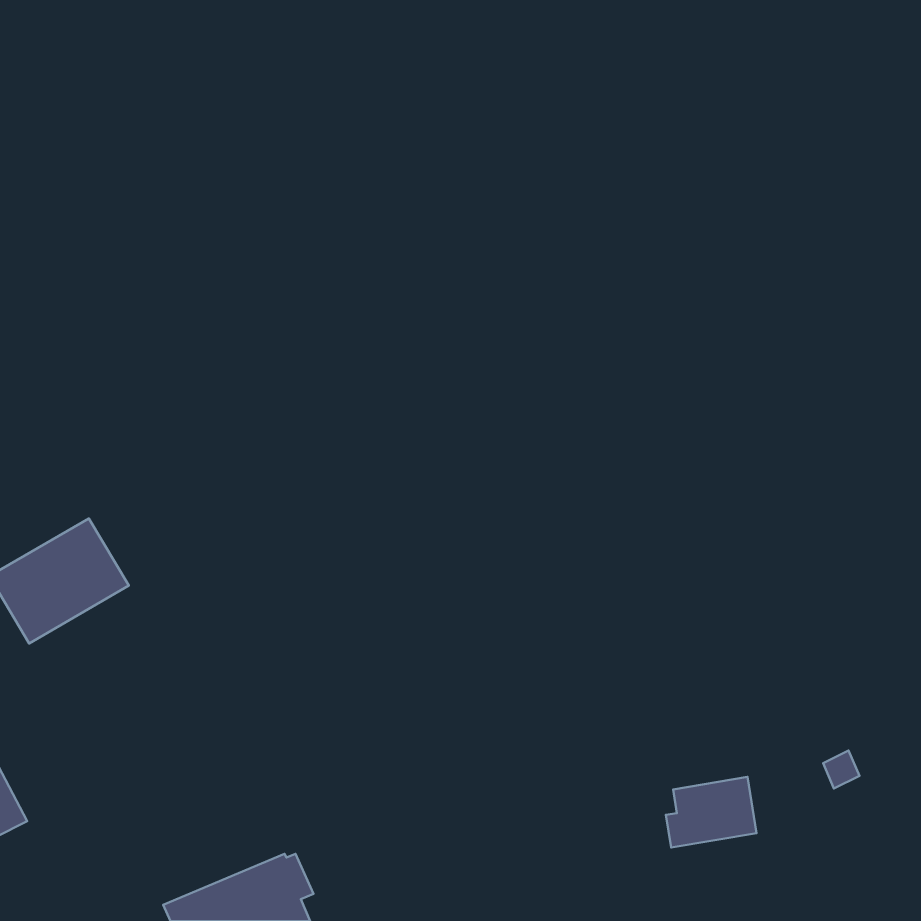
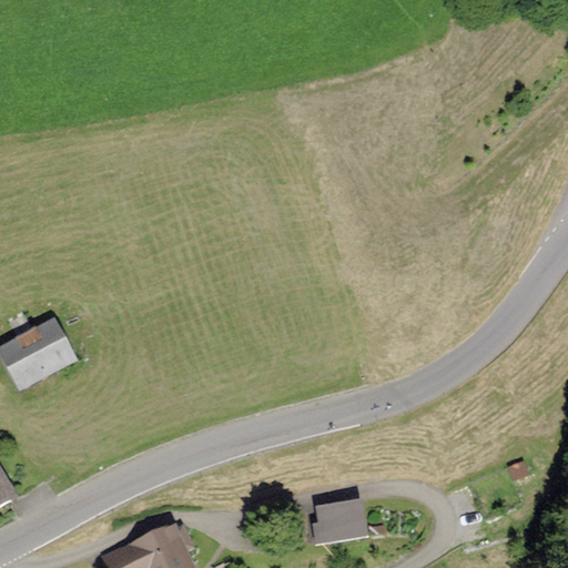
building: [666,777,756,848] -> [308,501,364,545]

